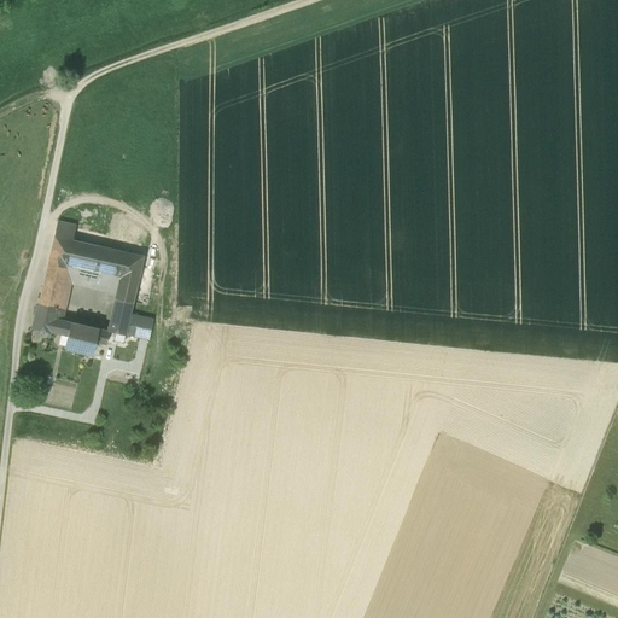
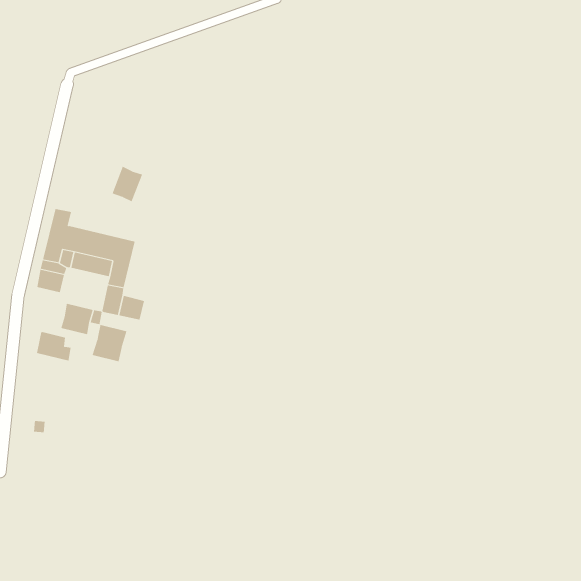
building: none -> [112,166,143,202]
building: [34,303,71,336] -> [36,331,72,361]
building: none -> [92,324,127,362]

